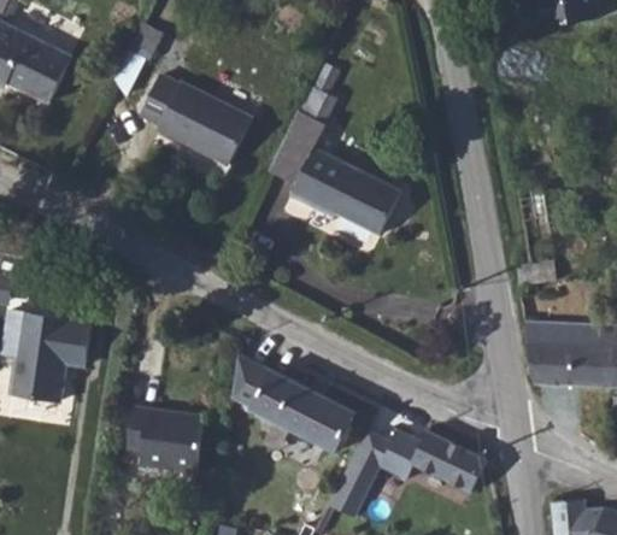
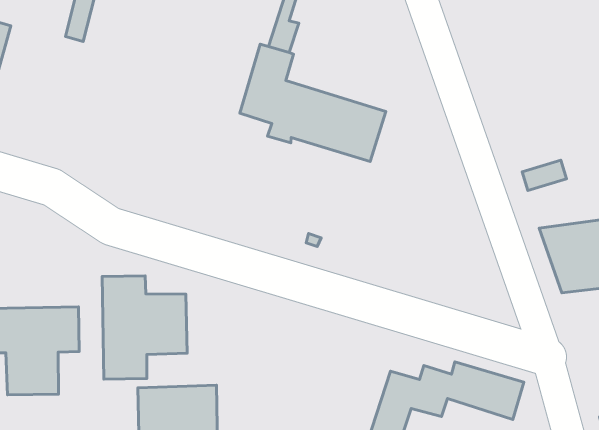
building: [140,75,252,165] -> none
building: none -> [102,276,187,379]
building: [231,354,355,452] -> none

